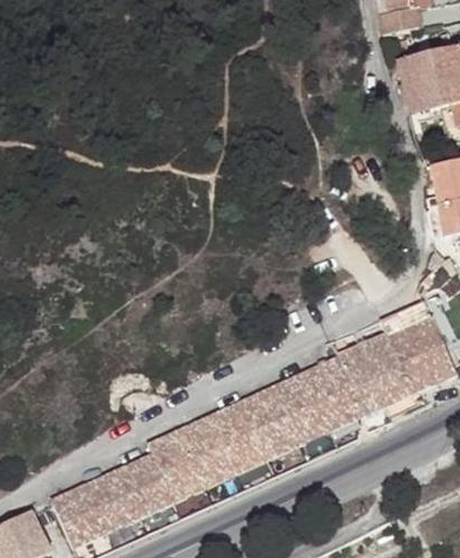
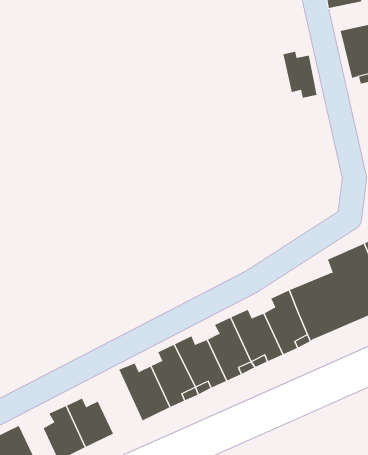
building: none -> [283,51,317,99]
building: [121,455,171,517] -> none

